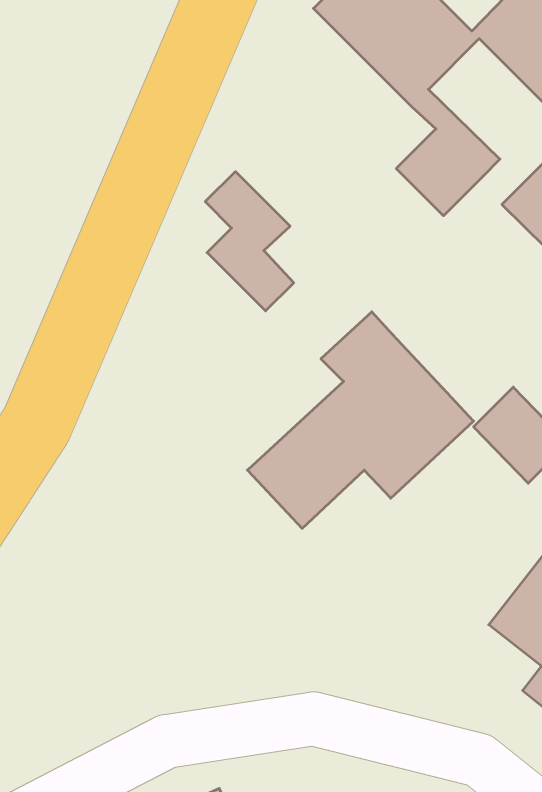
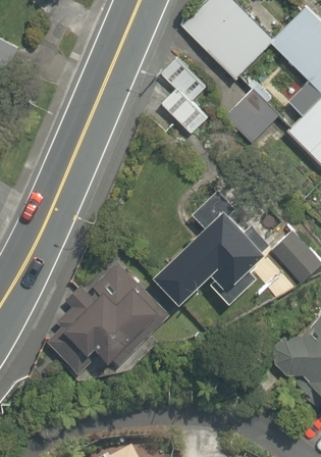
building: [205,172,294,311] -> [160,57,208,133]
building: none -> [41,268,168,380]

